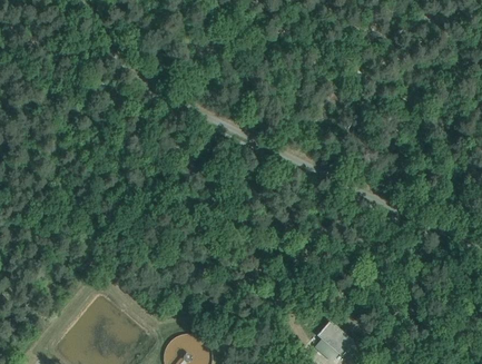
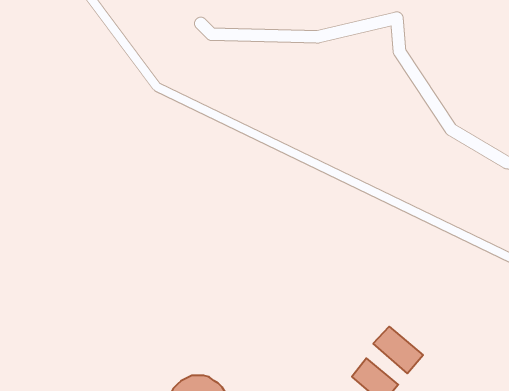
building: none -> [373,327,423,373]

